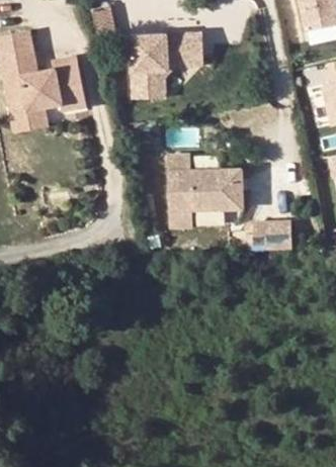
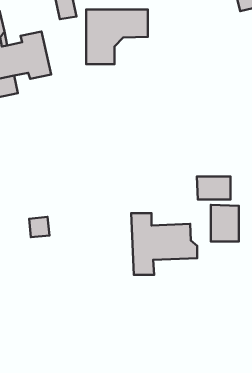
building: [163,153,239,223] -> [131,213,197,275]
building: none -> [211,205,239,241]

